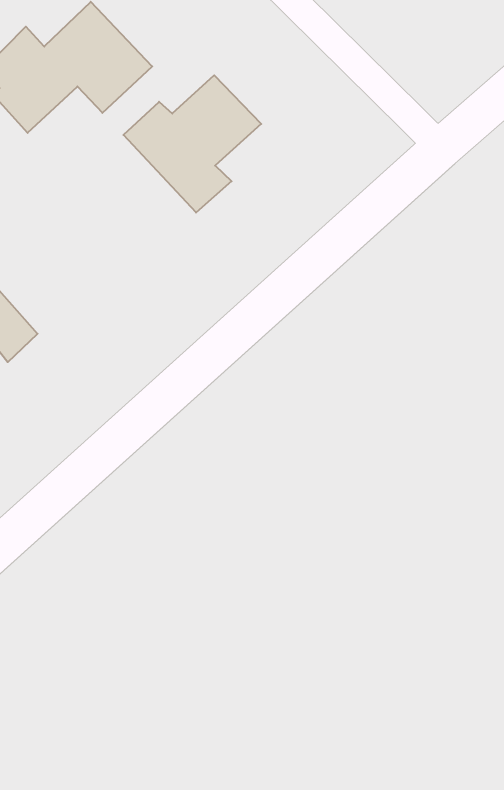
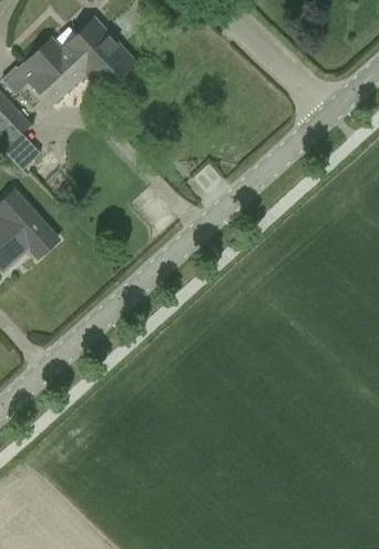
building: [123,75,261,213] -> none

